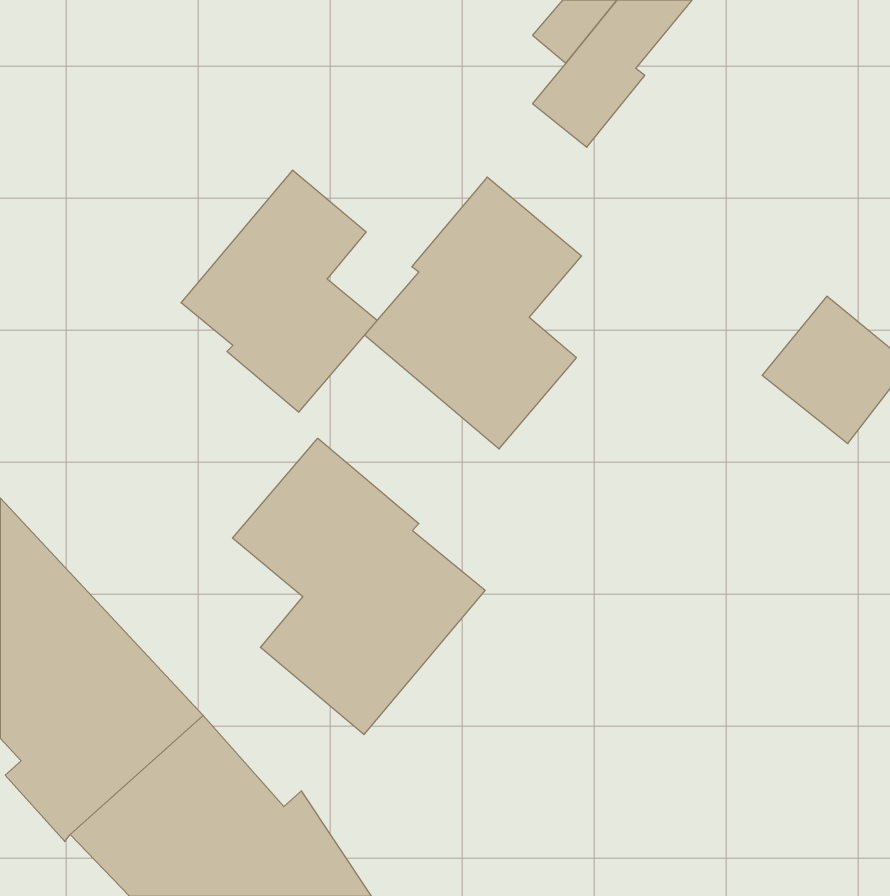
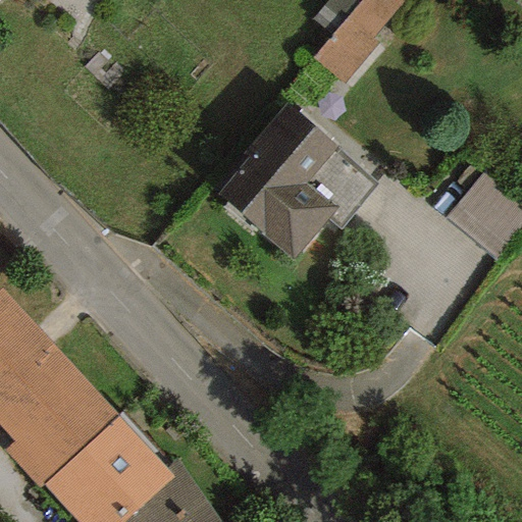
building: [181,170,377,412] -> none
building: [233,438,485,735] -> none

